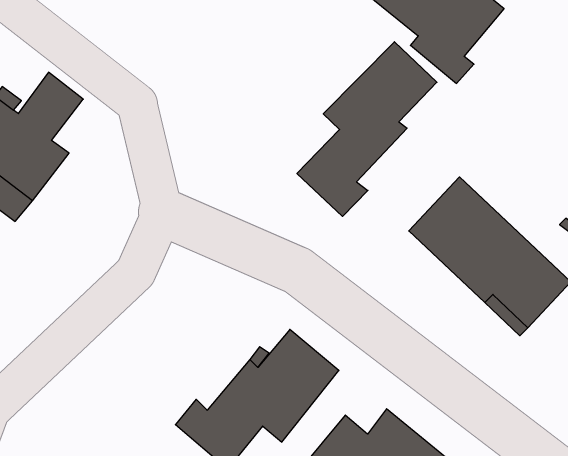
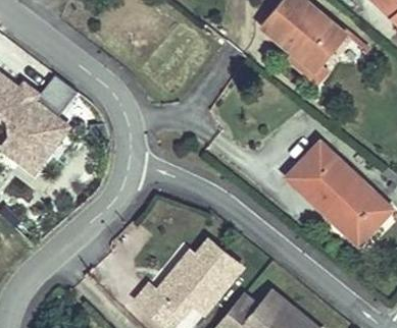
building: [297,42,437,216] -> none

